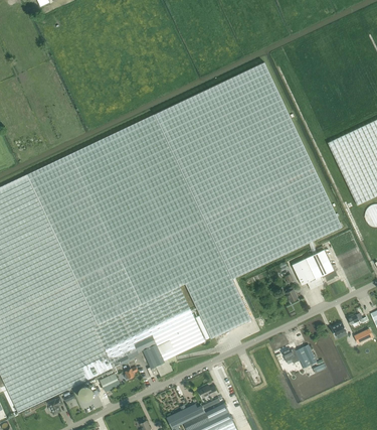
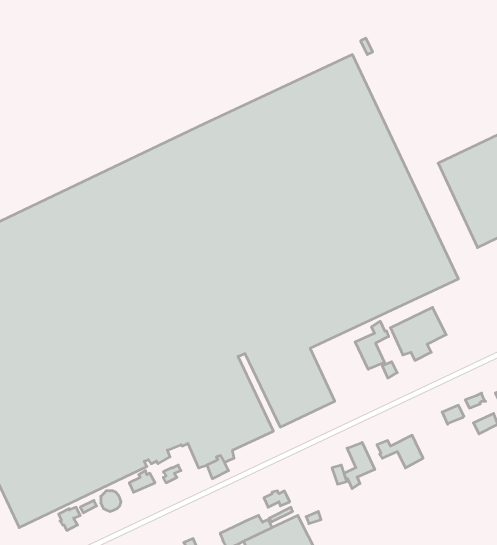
building: none -> [355,321,389,369]
building: none -> [344,442,375,489]

